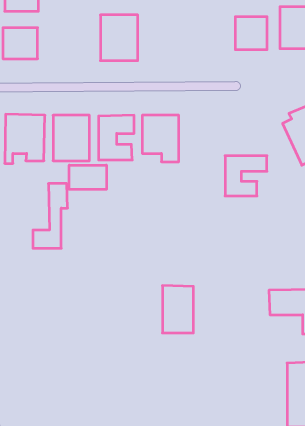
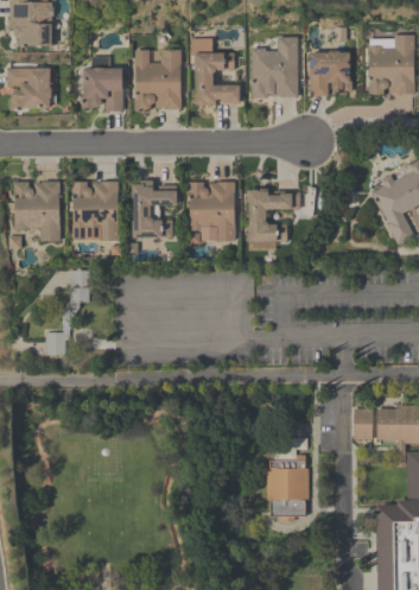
building: none -> [250,37,299,99]
building: none -> [195,52,242,106]
building: none -> [82,68,123,110]
building: [225,156,267,196] -> [247,189,301,241]
building: [69,165,106,189] -> none
building: [162,286,193,333] -> [268,453,309,515]

